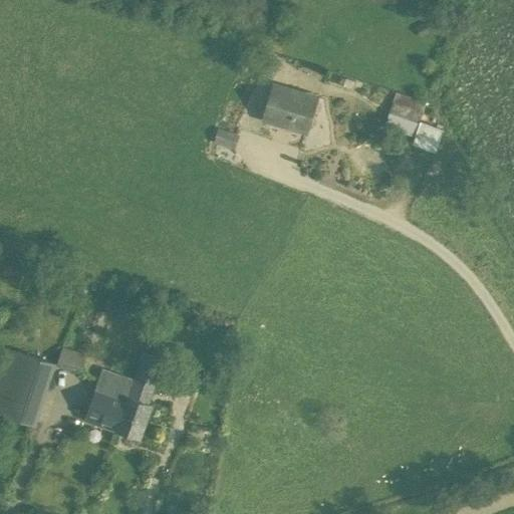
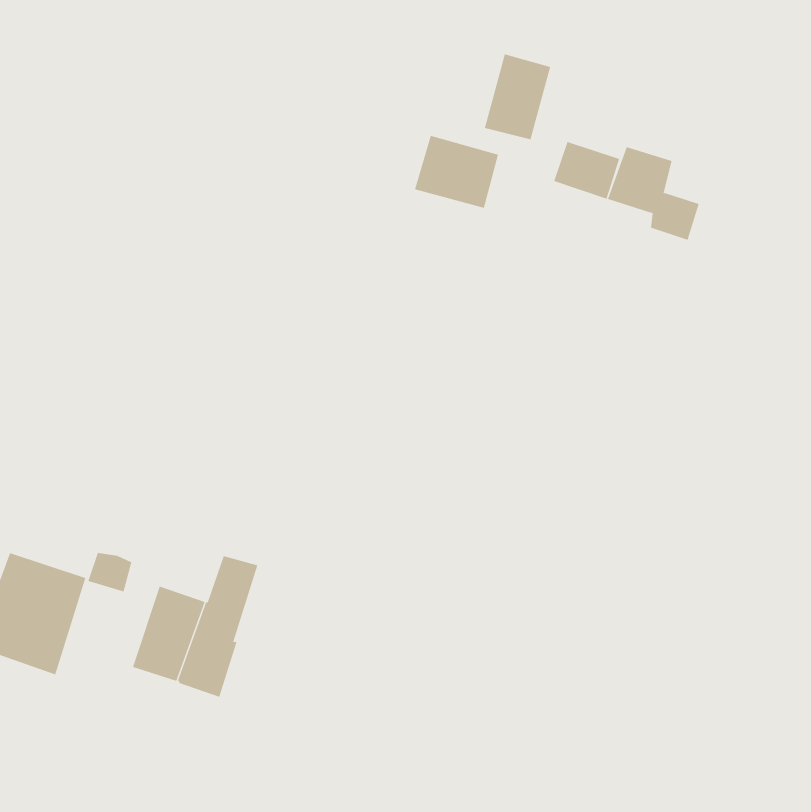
building: none -> [484,53,551,140]
building: none -> [553,141,620,199]

